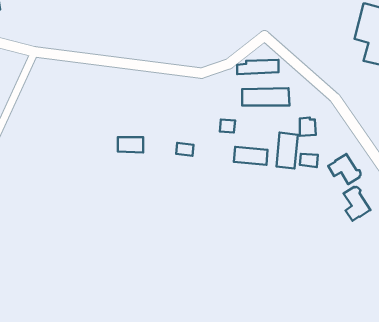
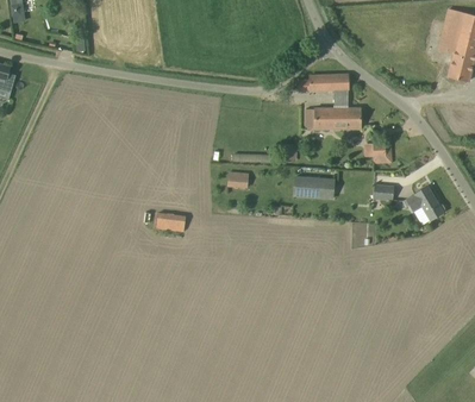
building: [276,133,298,169] -> none
building: [118,137,143,152] -> [155,213,185,231]
building: [343,187,370,221] -> none

